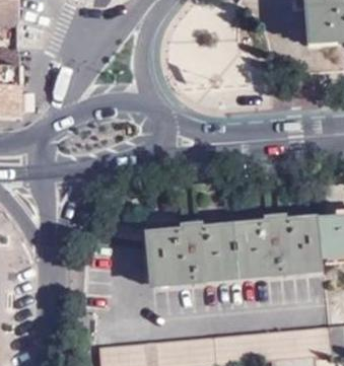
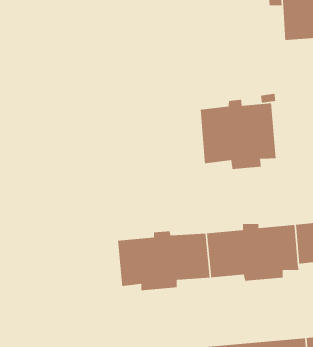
building: none -> [200,99,276,170]

